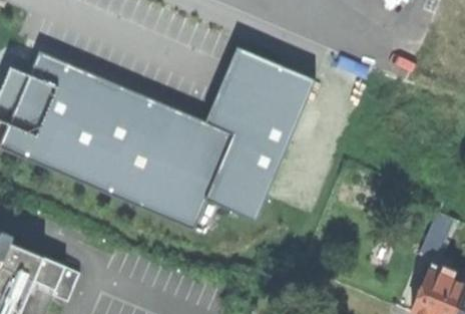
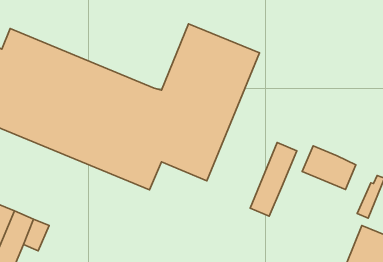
building: none -> [250,142,297,216]
building: none -> [302,146,356,189]

